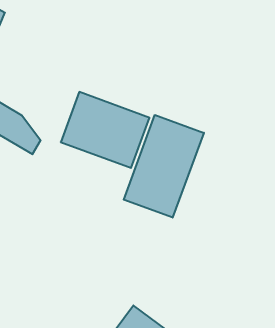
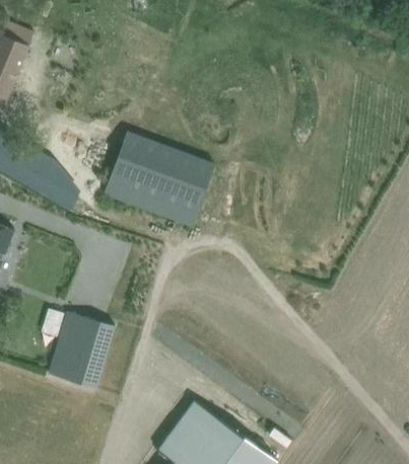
building: [124,115,204,218] -> none
building: none -> [49,313,114,389]

